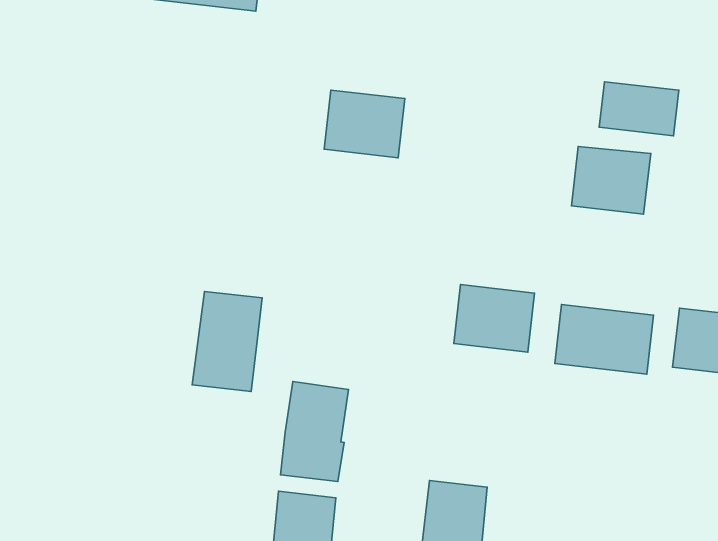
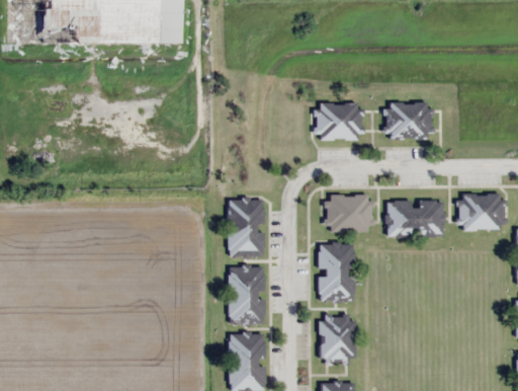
building: [599,82,679,136] -> none
building: [324,90,405,158] -> [317,102,362,139]
building: [192,291,262,392] -> [229,199,265,256]
building: none -> [320,242,356,301]

